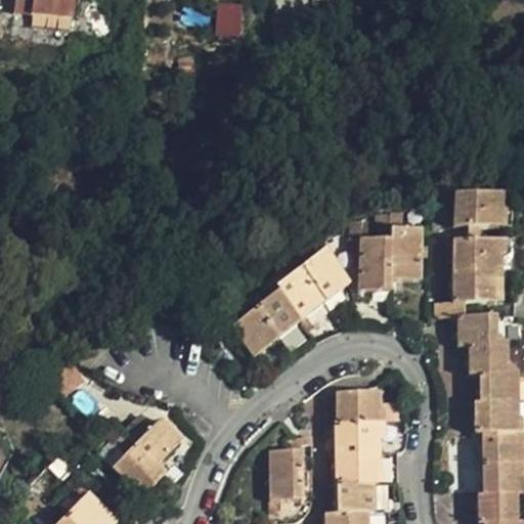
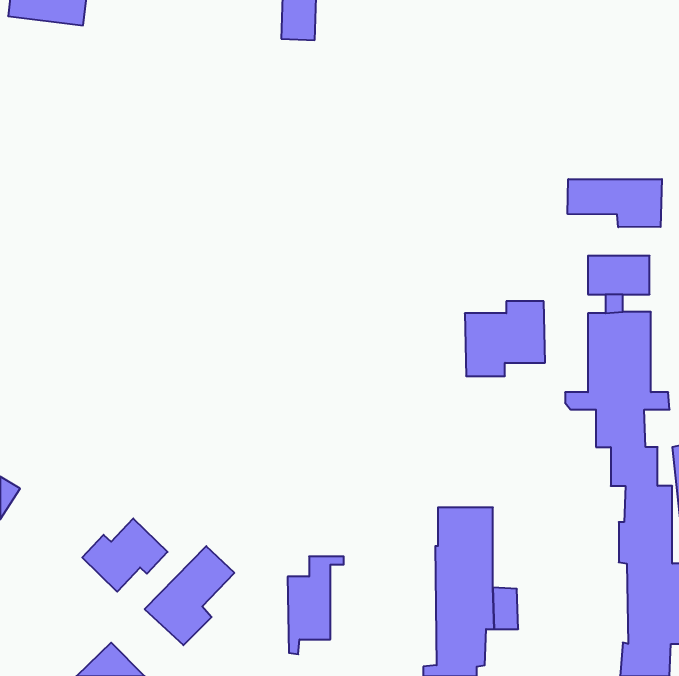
building: none -> [568,179,662,227]
building: [232,249,350,355] -> none
building: none -> [82,518,168,592]
building: [271,433,314,508] -> [288,556,344,654]

